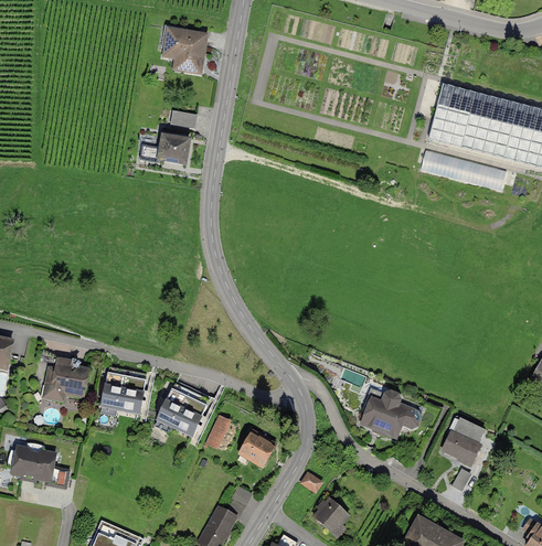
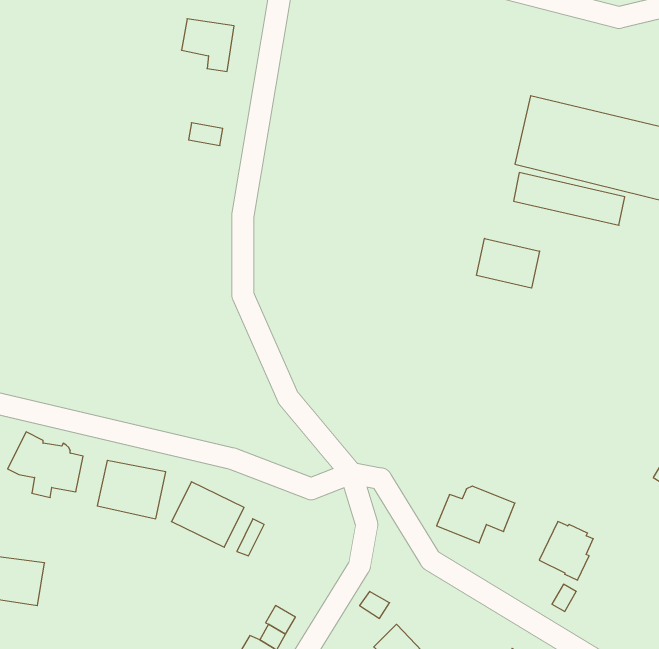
building: [140,135,189,162] -> none
building: none -> [477,238,540,288]
building: [240,428,274,465] -> none

